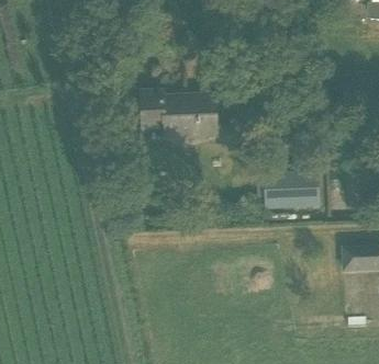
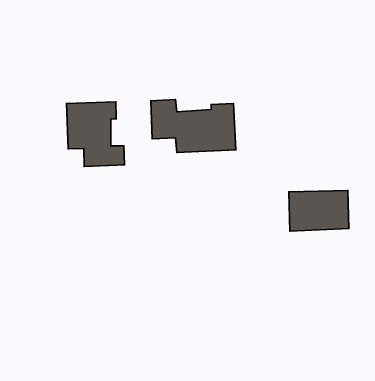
building: none -> [66,102,125,167]

